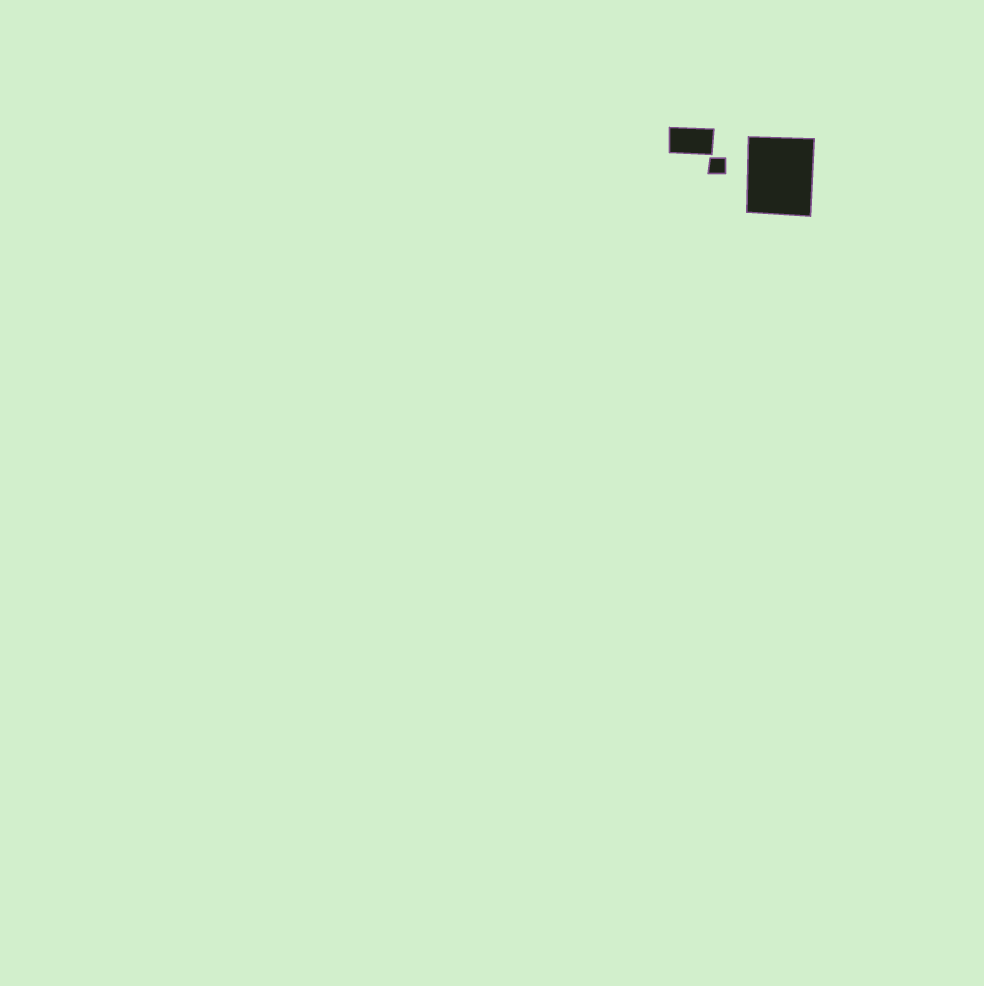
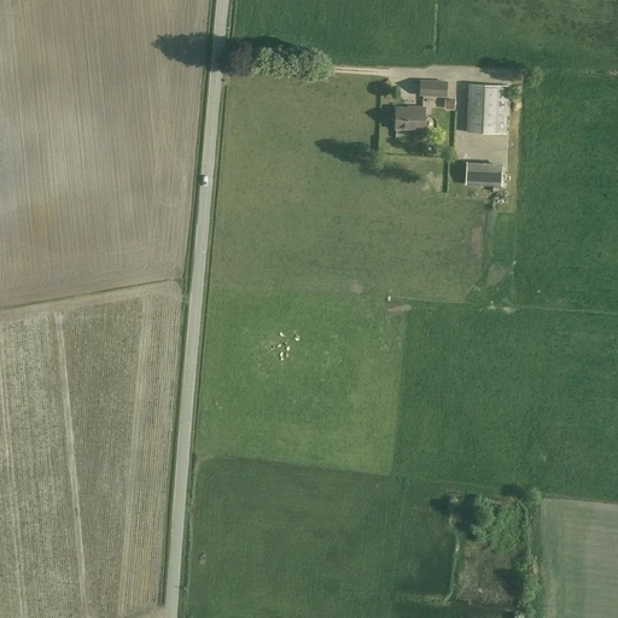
building: none -> [392,106,424,129]
building: none -> [465,162,501,186]

